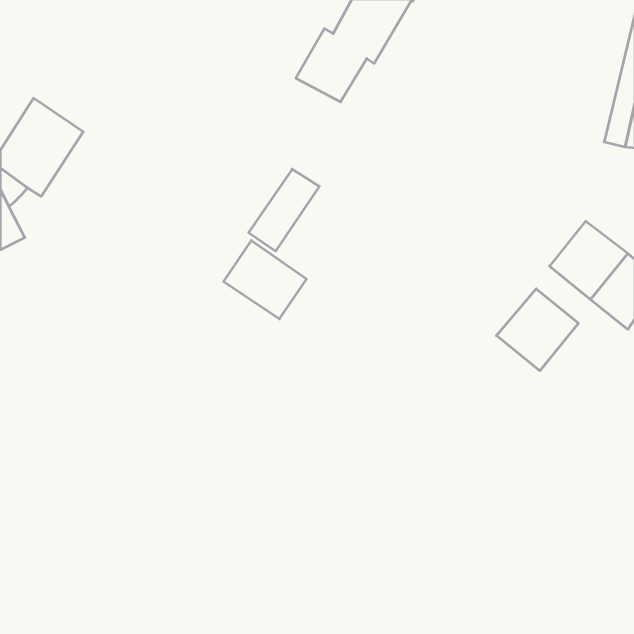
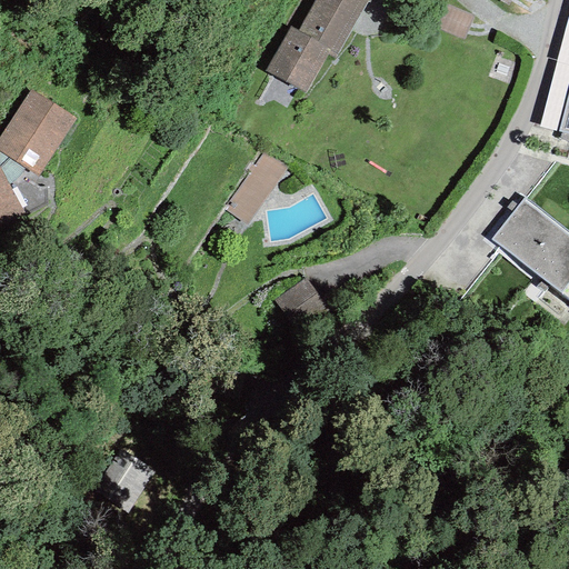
building: [224,240,306,319] -> none
building: [496,289,578,371] -> none

